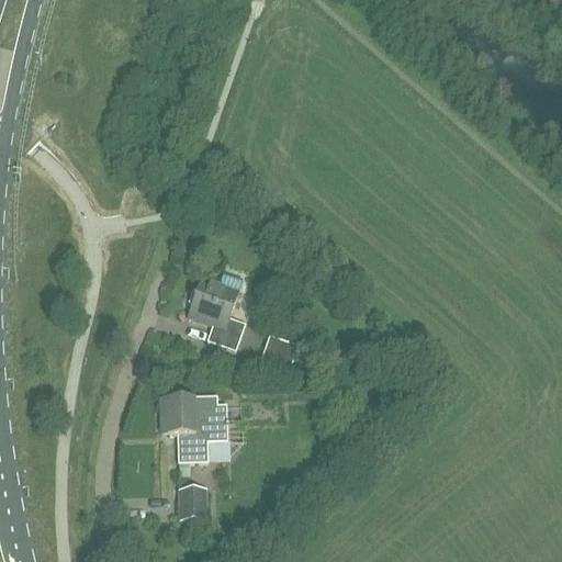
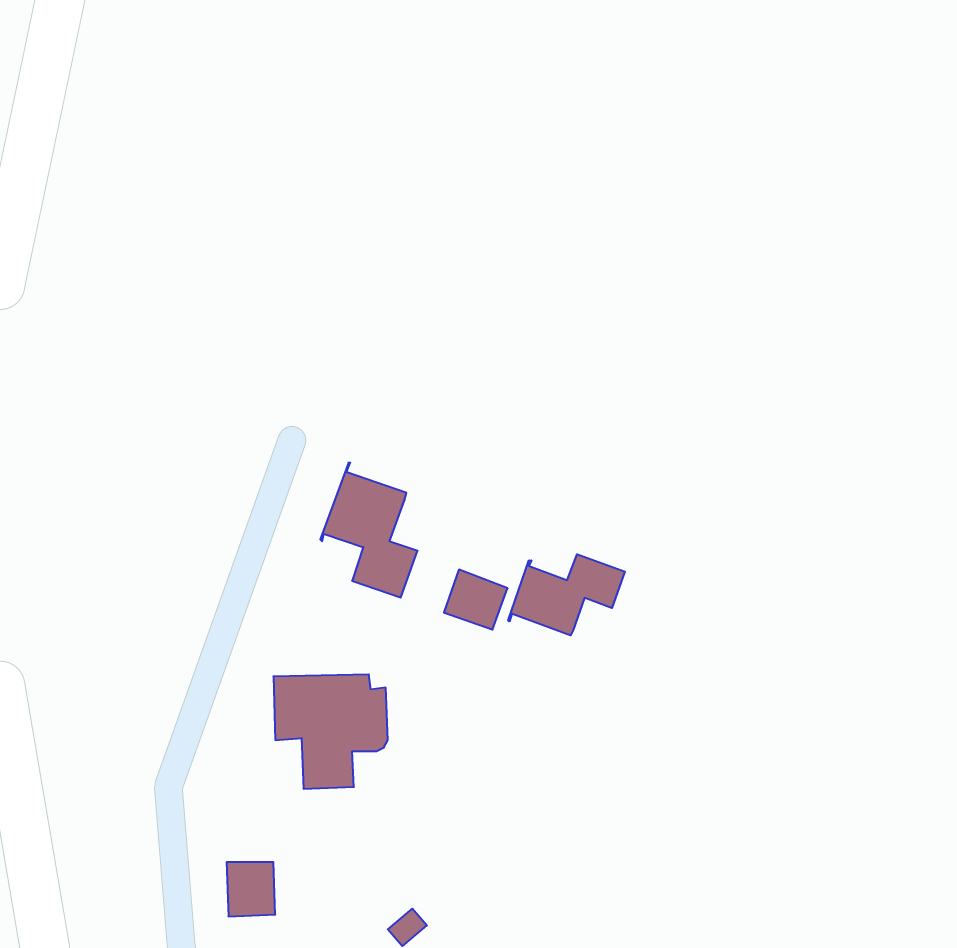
building: none -> [508,554,625,635]
building: [178,487,206,519] -> [227,862,275,916]

